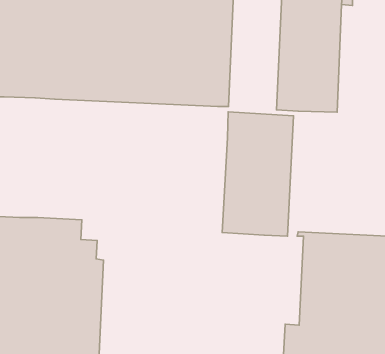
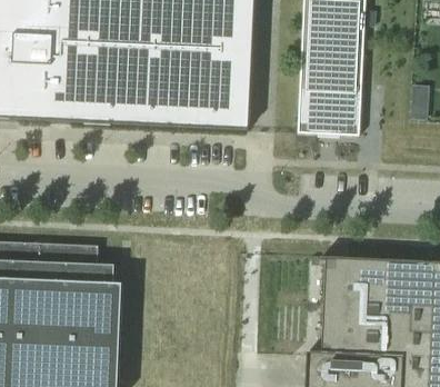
building: [222,112,293,236] -> none

